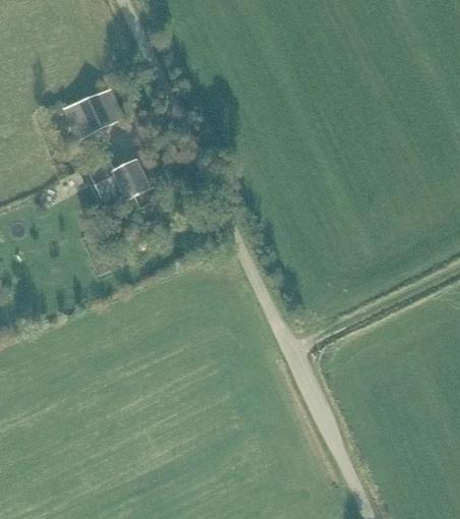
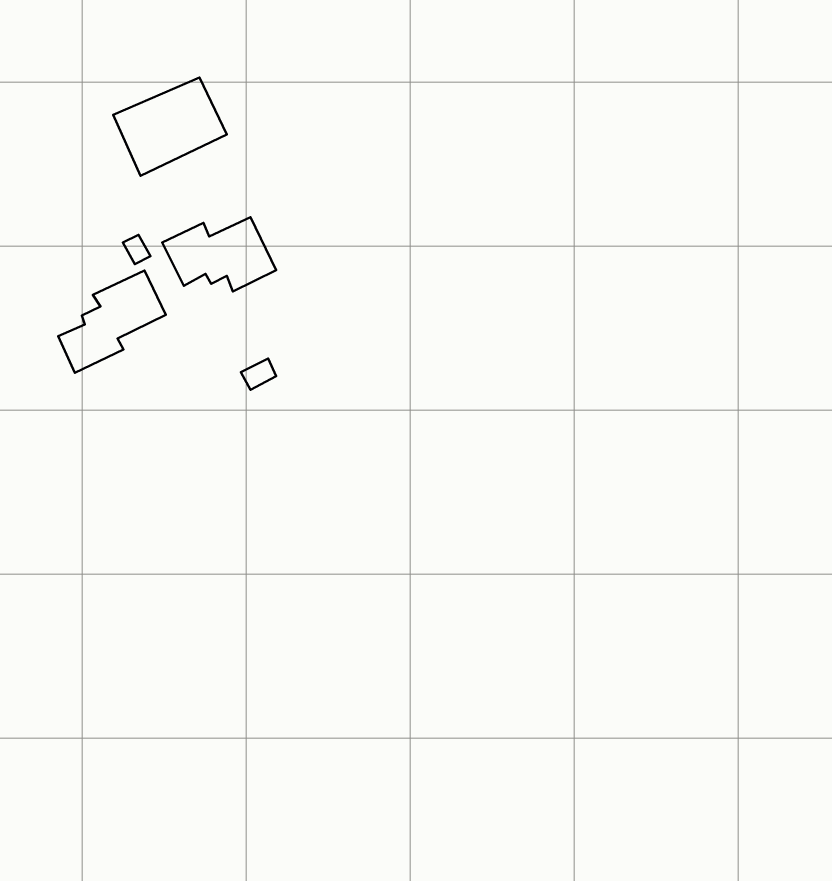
building: none -> [58,270,166,373]

